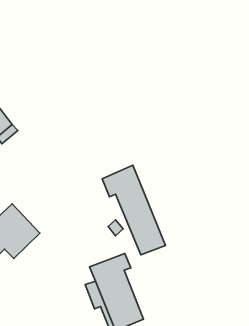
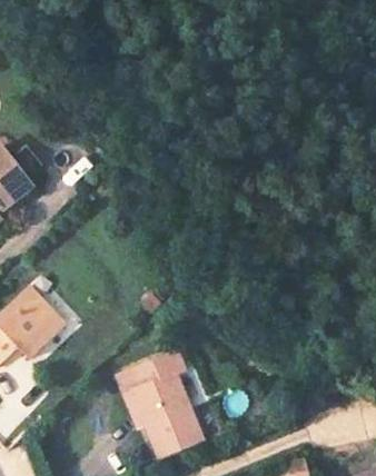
building: [102,165,166,255] -> none

